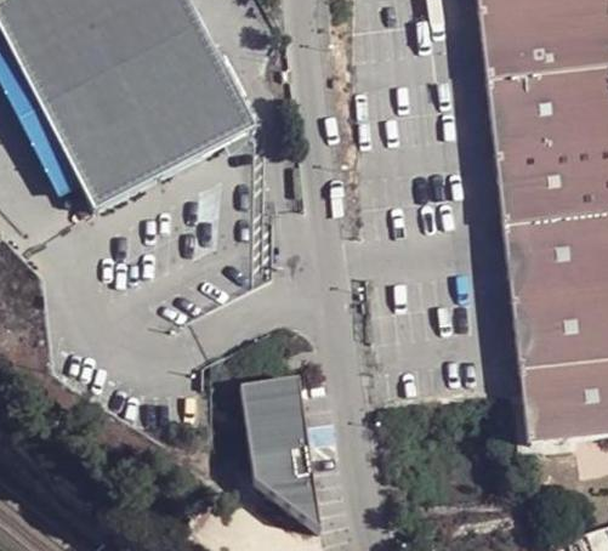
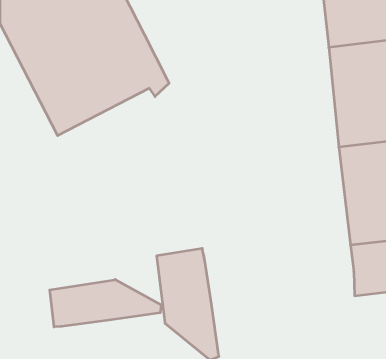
building: none -> [50,279,161,327]

